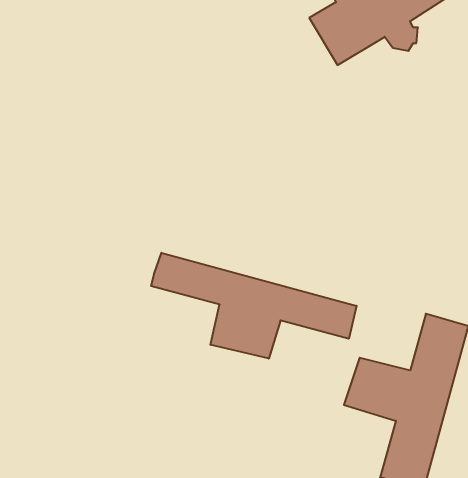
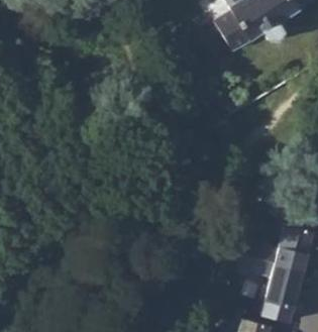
building: [151,253,357,359] -> none

